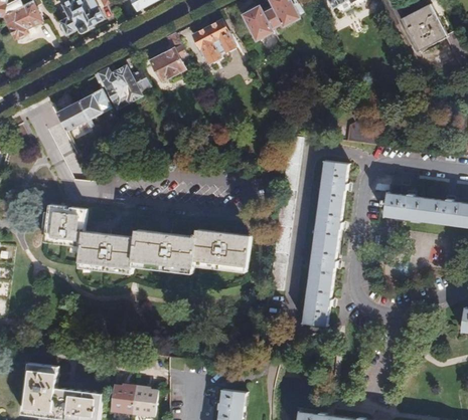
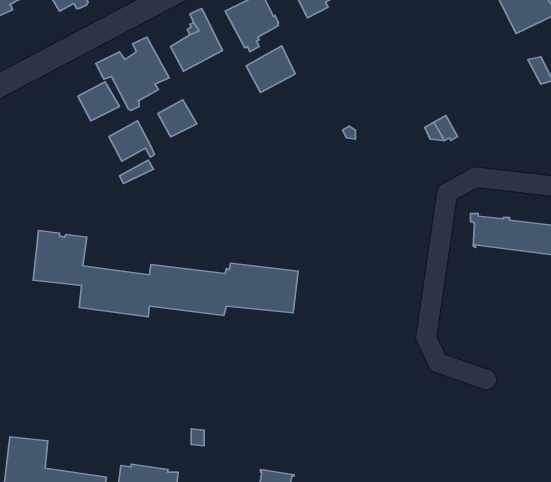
building: none -> [246,46,295,93]
building: [56,100,92,132] -> [109,121,154,161]
building: none -> [158,100,197,137]
building: [301,160,348,326] -> none

